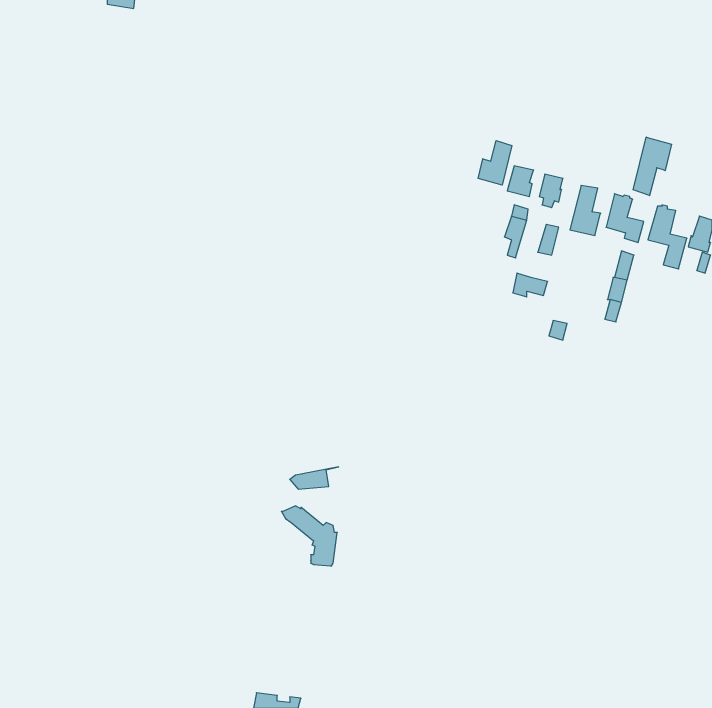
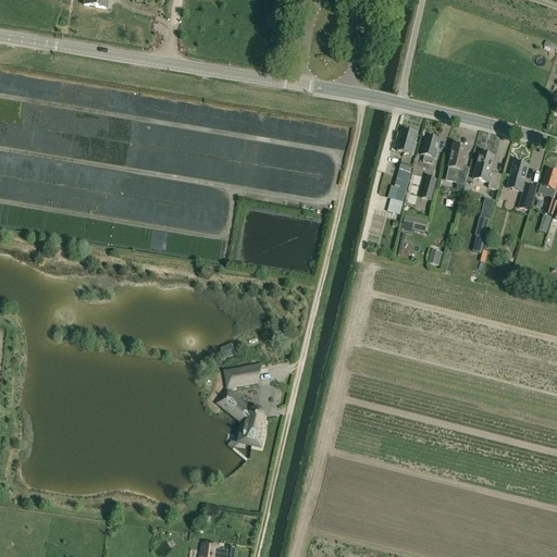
building: [633,137,672,196] -> none
building: [478,141,512,185] -> none

